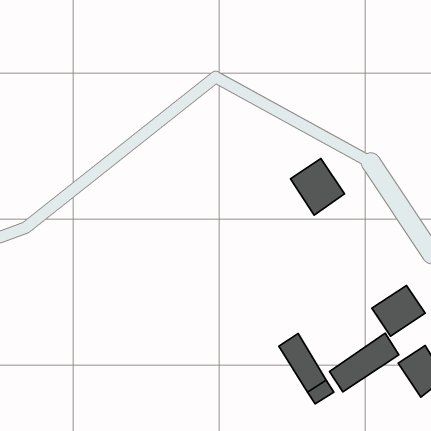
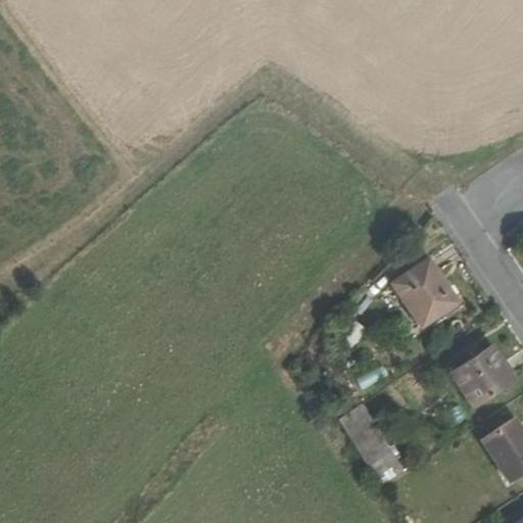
building: [290,158,345,215] -> [392,257,458,326]
building: [329,333,399,392] -> none

